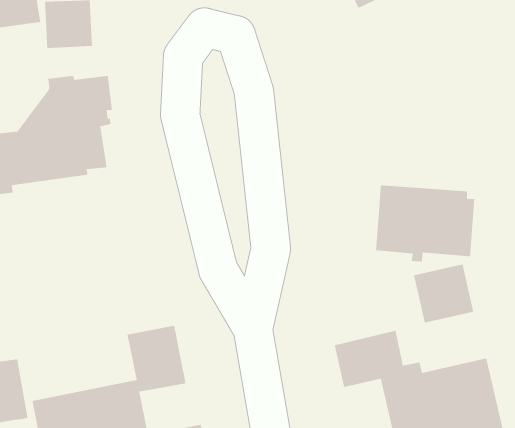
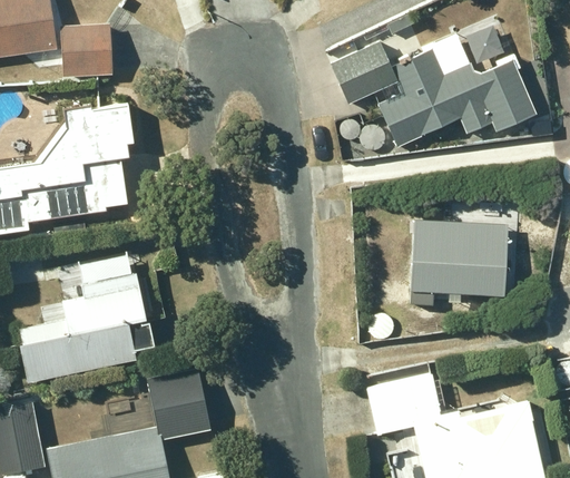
building: none -> [331,41,538,146]
building: none -> [19,254,154,383]
building: [413,263,474,323] -> none

